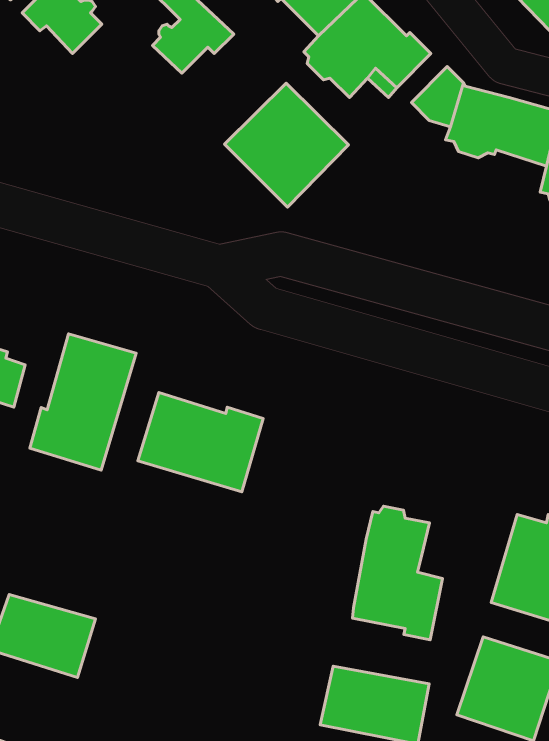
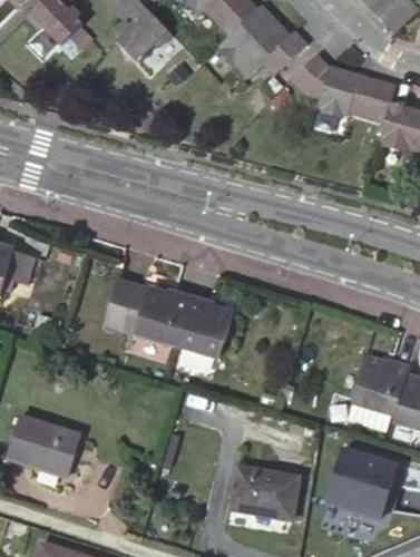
building: [224,83,348,207] -> none
building: [30,334,136,470] -> none
building: none -> [178,296,235,360]
building: [353,506,442,640] -> none

